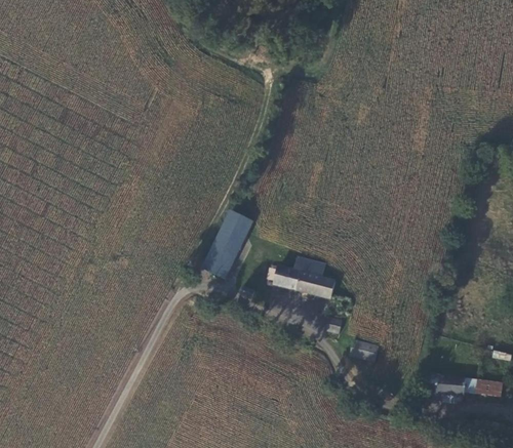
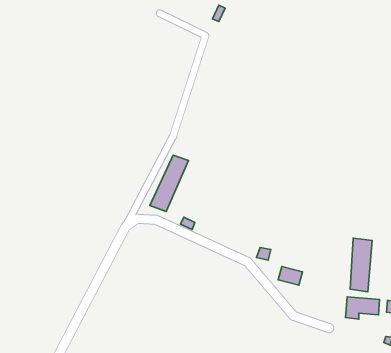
building: [273,258,334,298] -> none
building: none -> [350,238,372,292]

